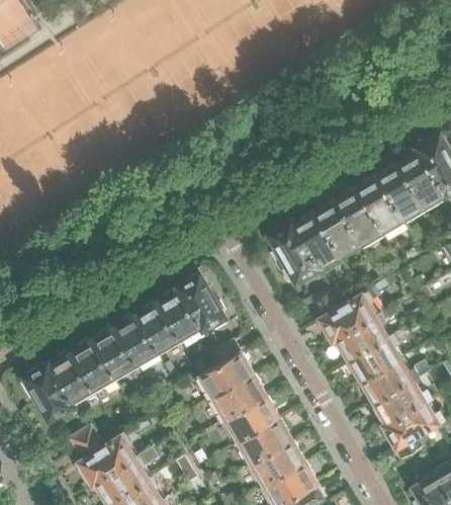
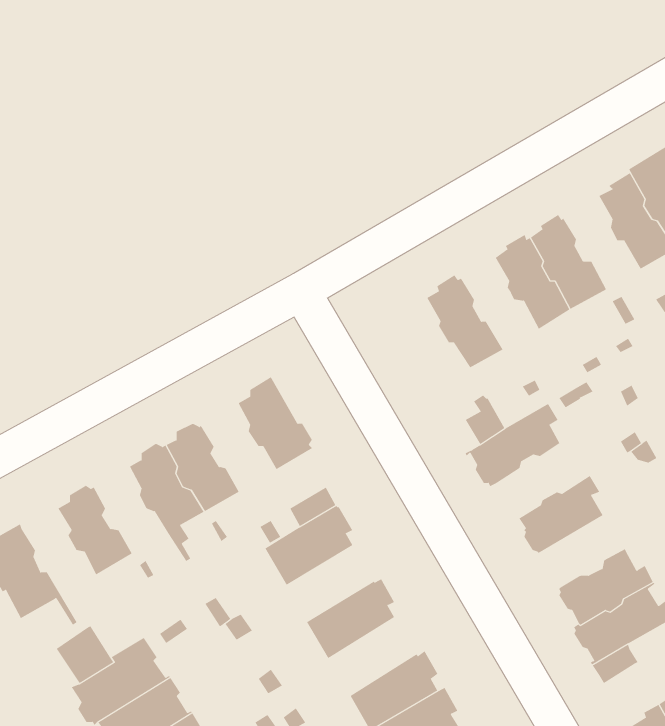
building: [378,164,425,222] -> none
building: [317,200,363,258] -> none
building: [269,222,322,283] -> none
building: [159,289,204,344] -> none
building: [338,312,394,360] -> none
building: [94,328,139,382] -> none
building: [51,353,95,423] -> none
building: [362,358,430,402] -> none
building: [210,374,264,423] -> none
building: [236,419,289,468] -> none

